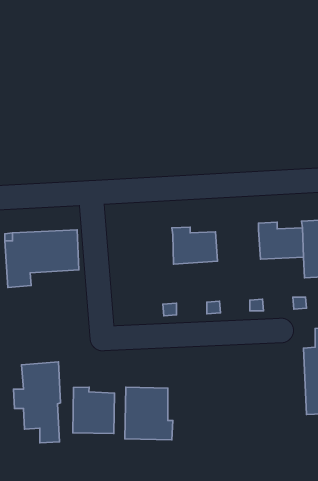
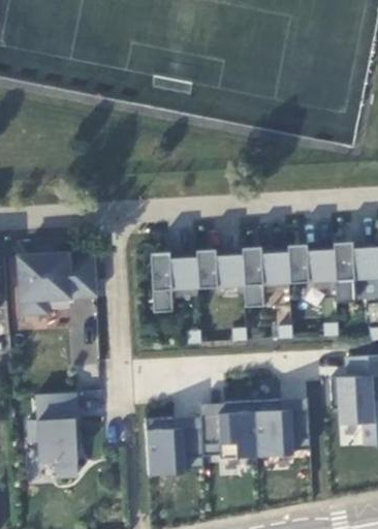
building: none -> [242,247,289,308]
building: none -> [150,252,197,312]
building: none -> [204,402,307,456]
building: [73,387,114,434] -> none

